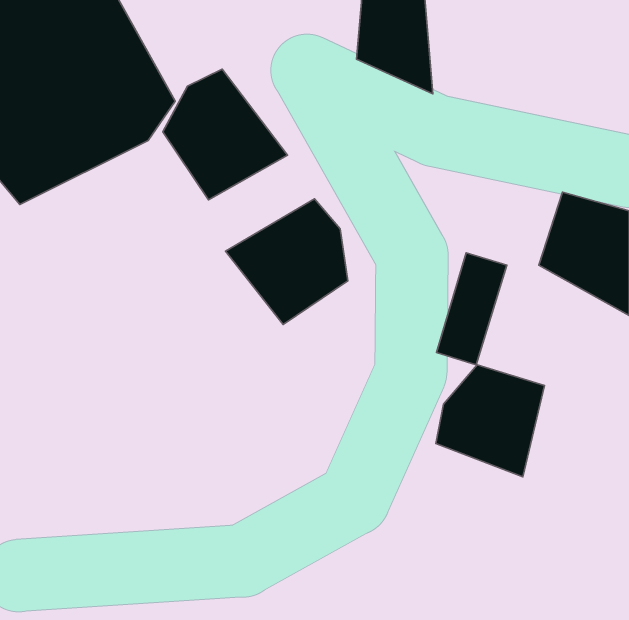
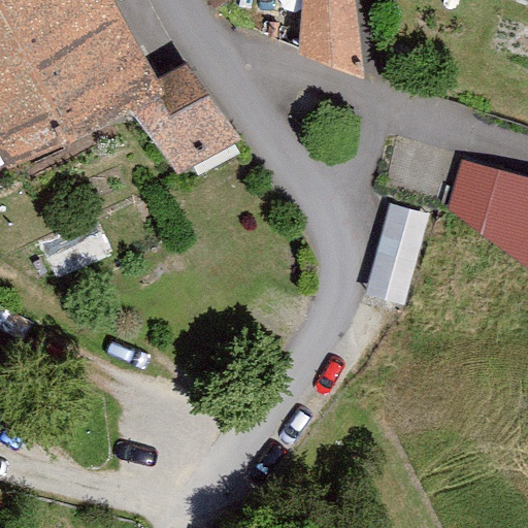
building: [226,199,348,324] -> none
building: [436,365,544,477] -> none

